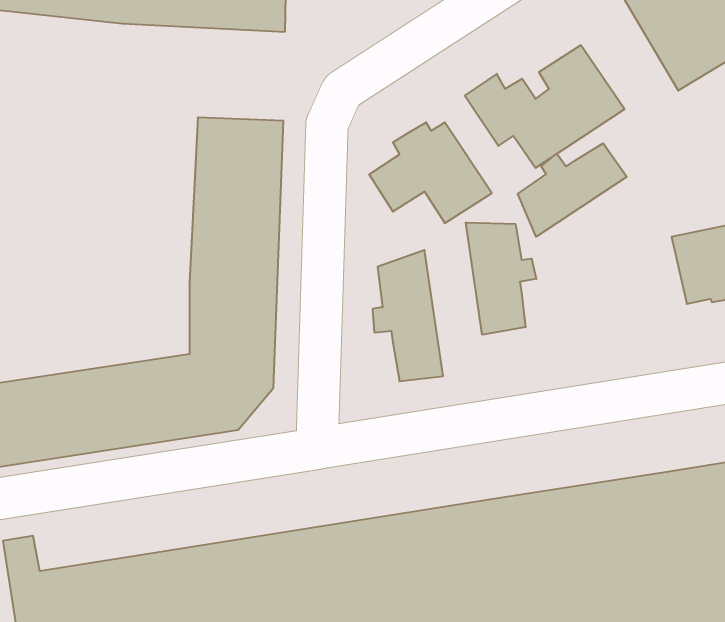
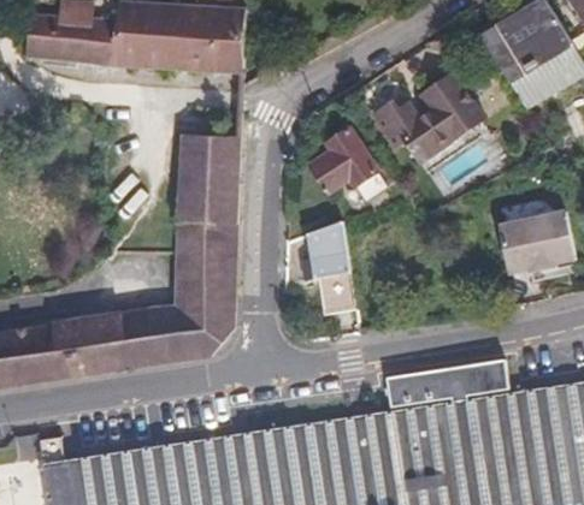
building: [518,143,627,237] -> none
building: [466,222,536,335] -> none
building: none -> [395,363,515,406]

